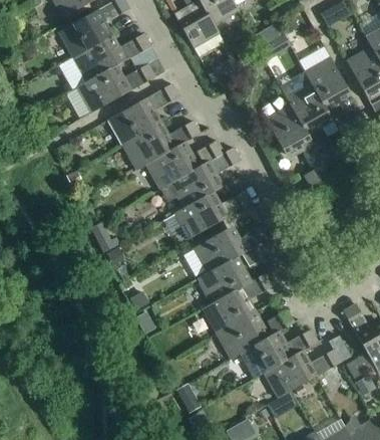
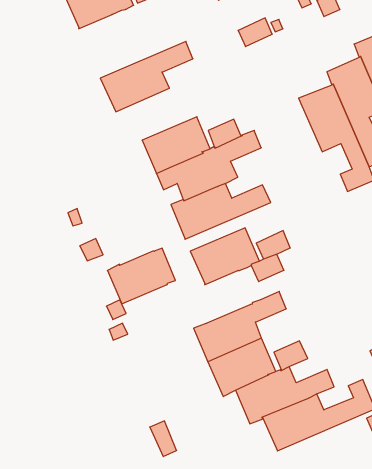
building: [64,58,164,120] -> none
building: [122,121,200,170] -> none
building: [198,256,252,303] -> [107,248,175,304]

